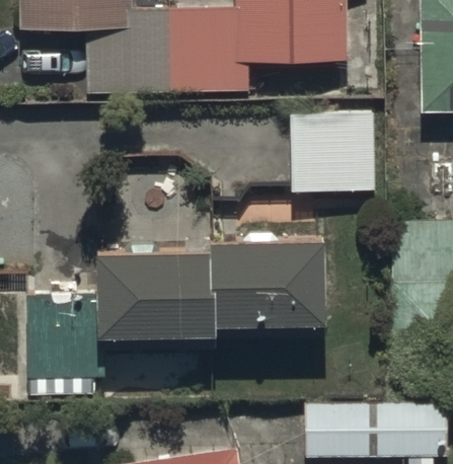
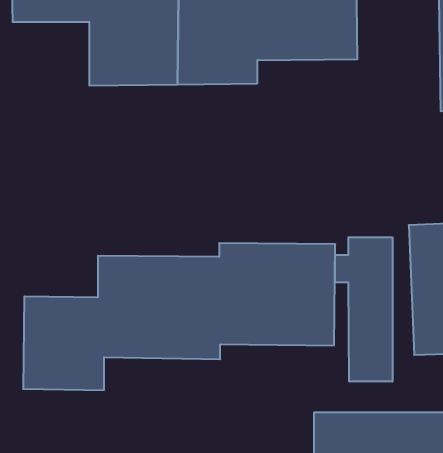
building: [288,108,378,192] -> none
building: none -> [335,237,392,382]

